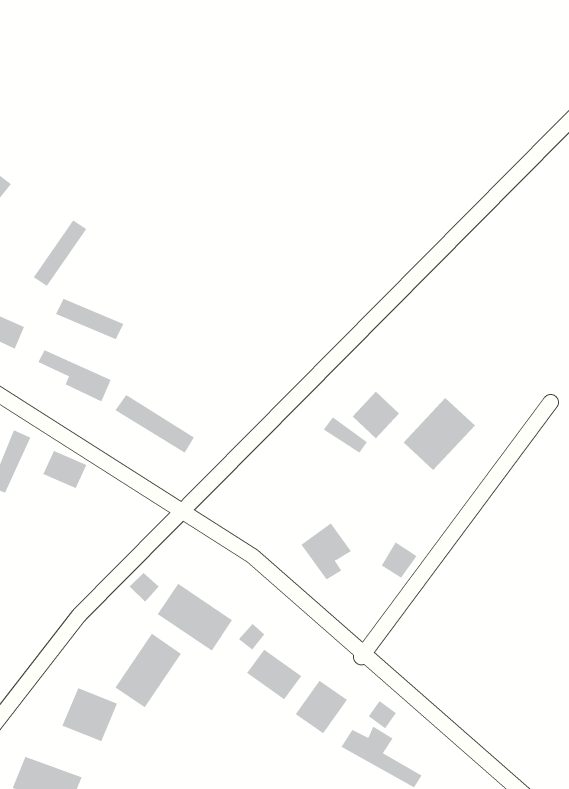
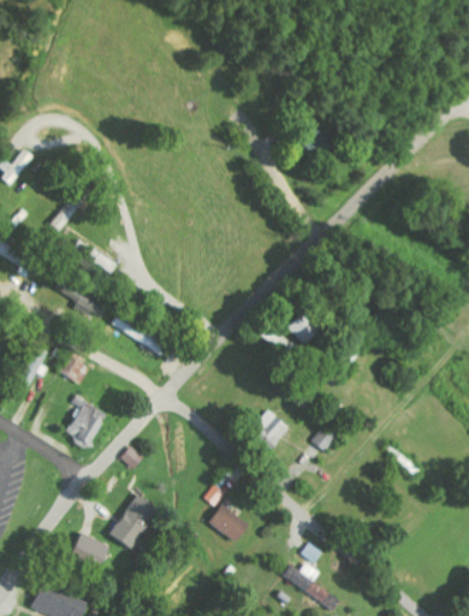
building: [403,397,476,471] -> none
building: none -> [61,393,108,448]
building: [157,583,233,652] -> none
building: [295,680,348,734] -> none

